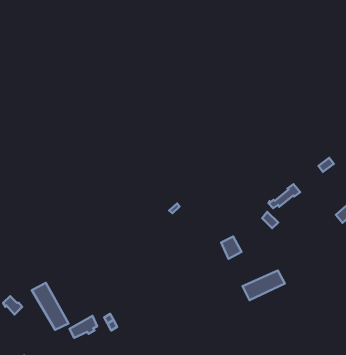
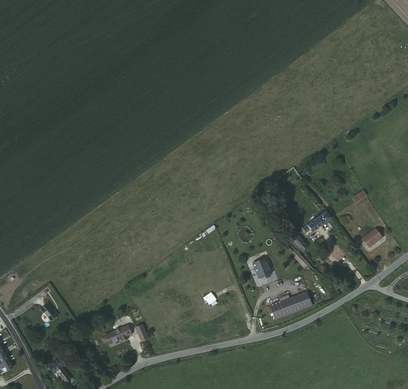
building: [32,283,68,330] -> none

